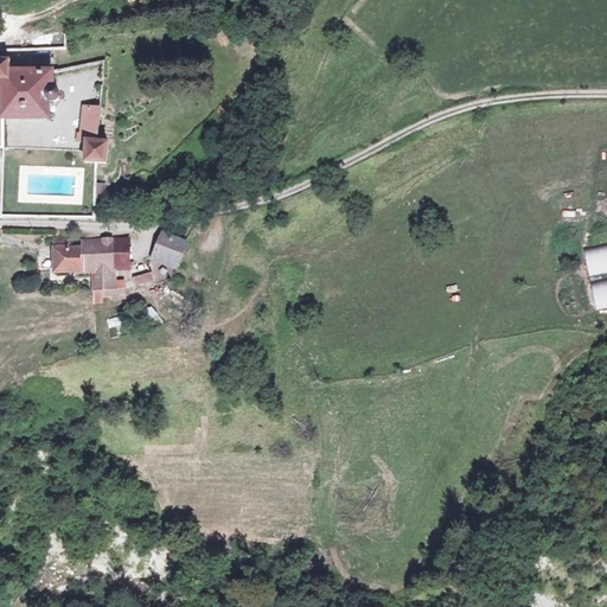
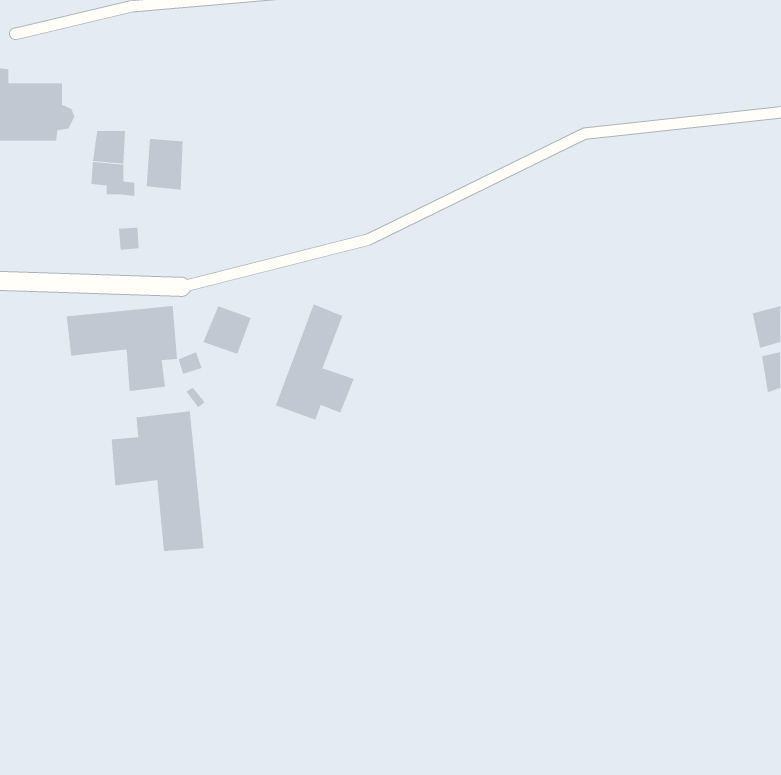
building: none -> [146,138,183,190]
building: none -> [275,304,354,420]
building: none -> [111,410,204,552]

